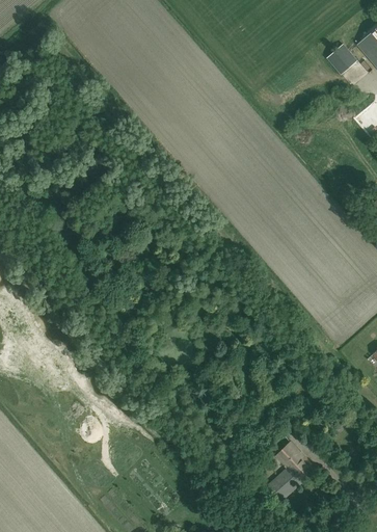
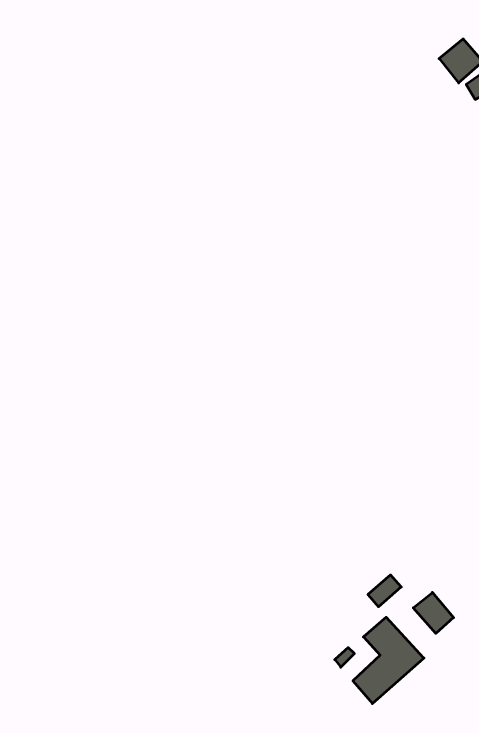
building: none -> [413,592,454,633]

